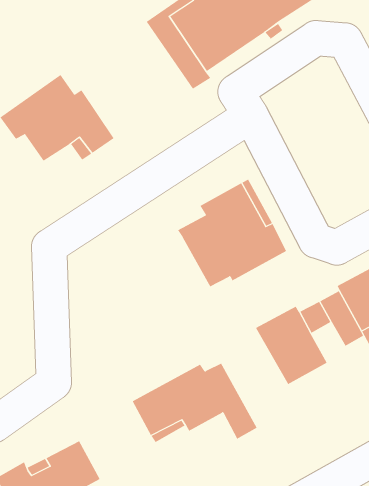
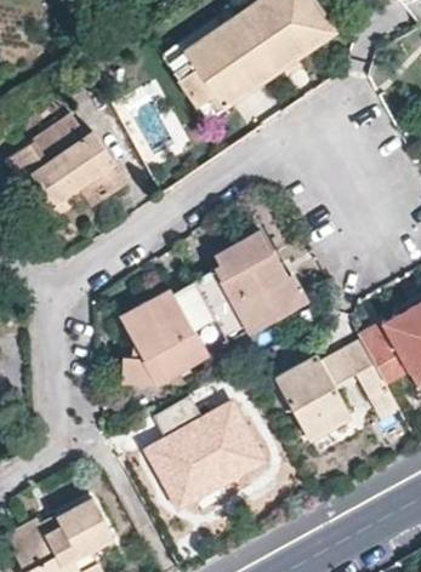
building: none -> [121,282,229,379]

